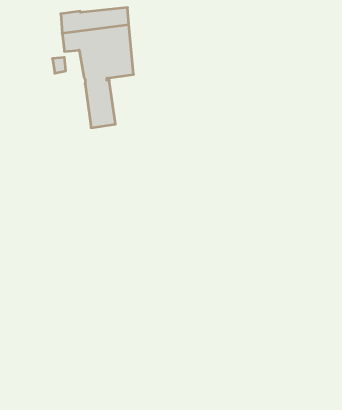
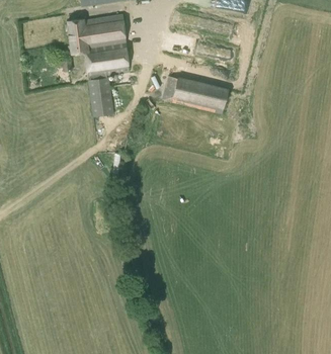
building: none -> [161,75,228,113]

